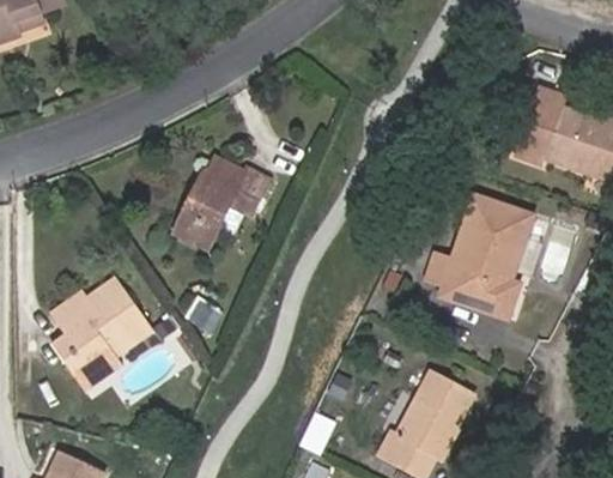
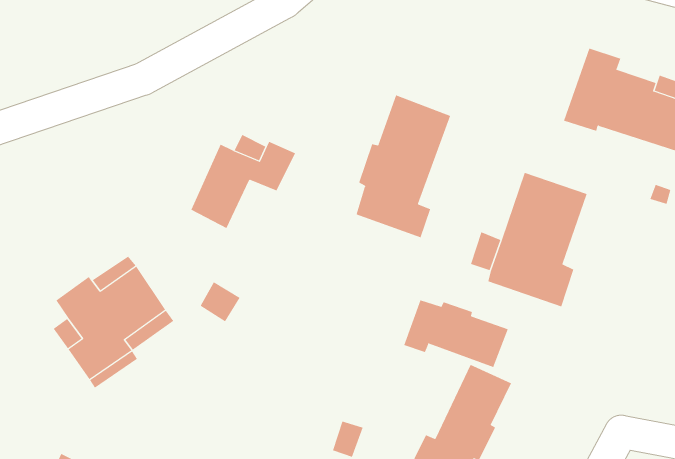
building: none -> [356,95,451,238]
building: none -> [404,299,508,368]

